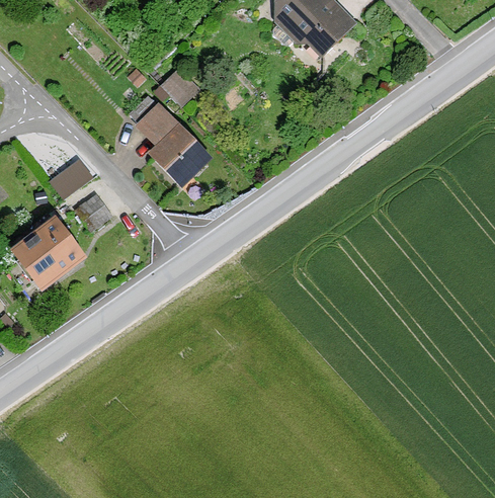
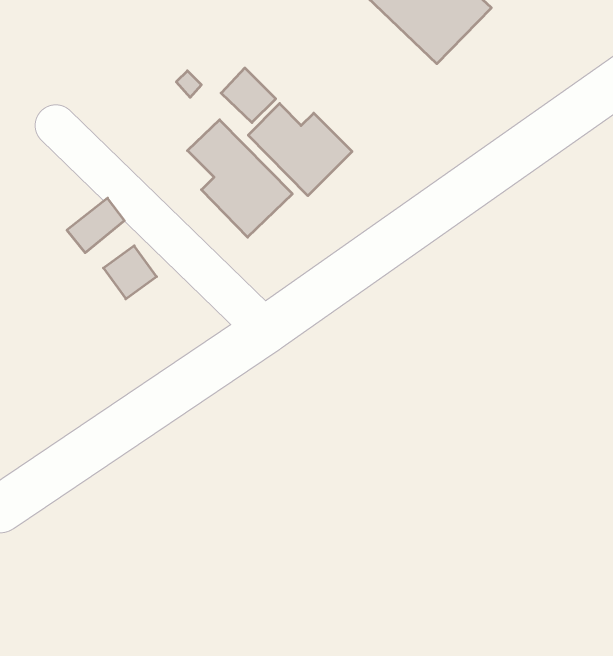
building: none -> [248,103,352,196]
building: [12,217,87,292] -> none

